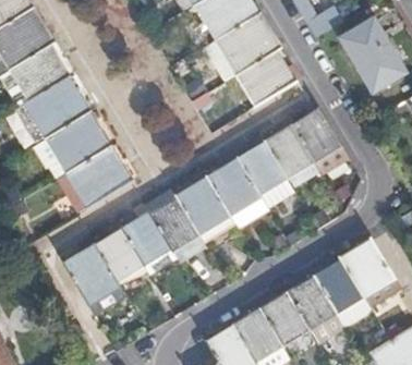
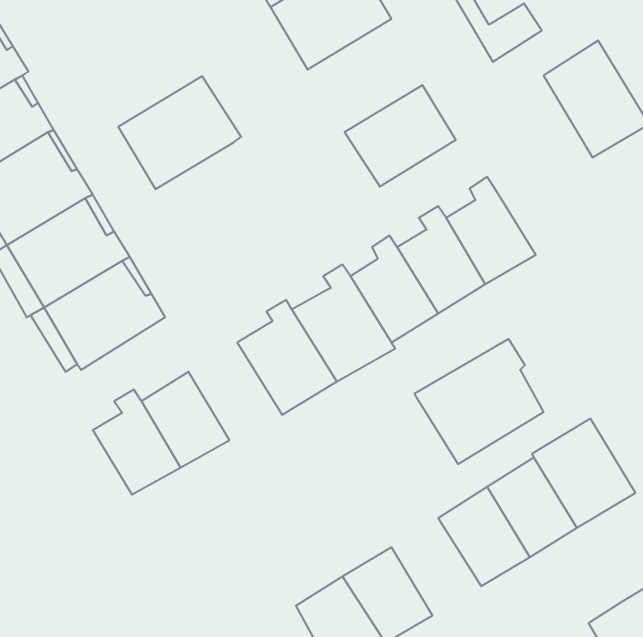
building: [213,14,281,77] -> [118,76,241,189]
building: none -> [415,339,543,464]
building: [146,195,198,252] -> none
building: [62,244,119,306] -> none
building: [259,293,310,348] -> none

